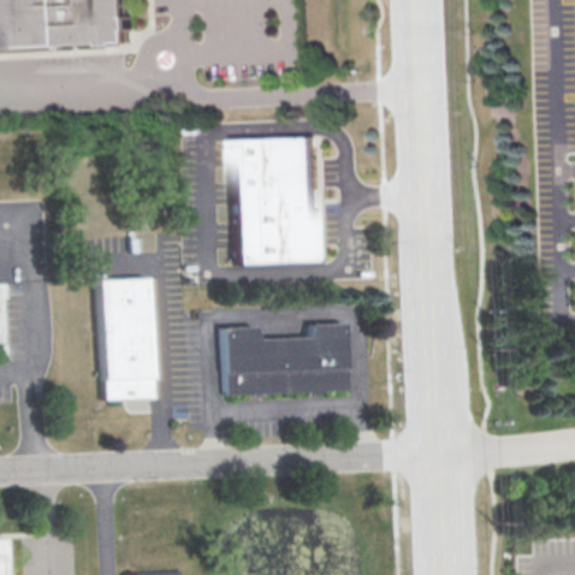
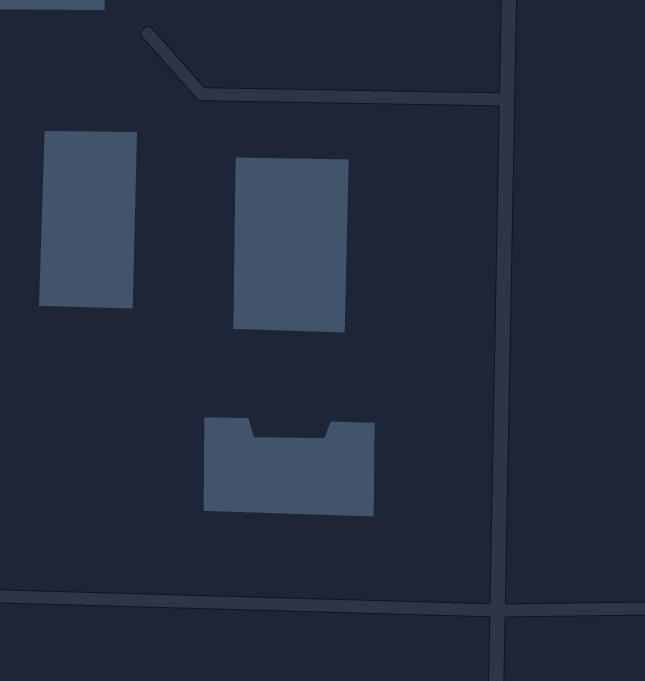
building: none -> [39,130,137,309]
building: [100,278,152,401] -> none

